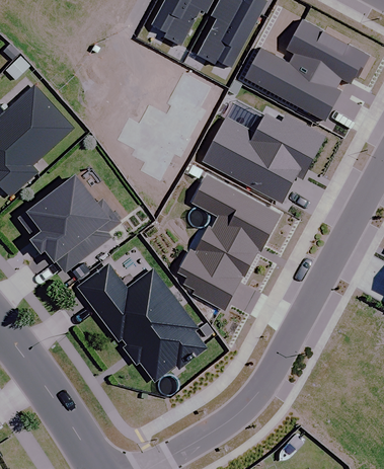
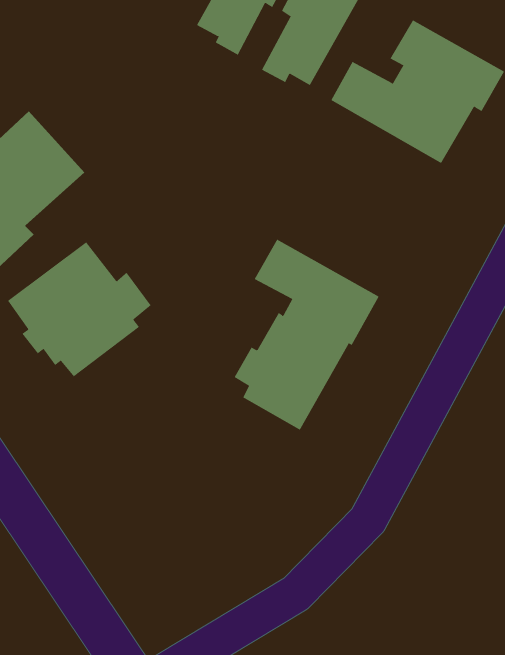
building: [204,113,325,204] -> none
building: [78,263,208,381] -> none

